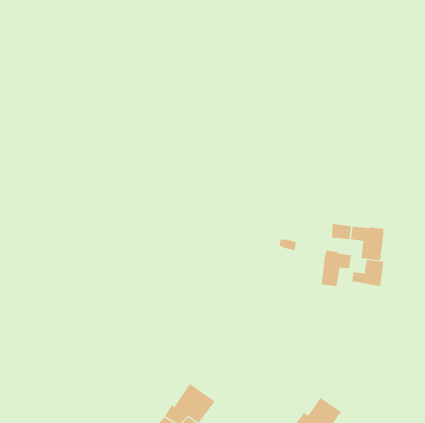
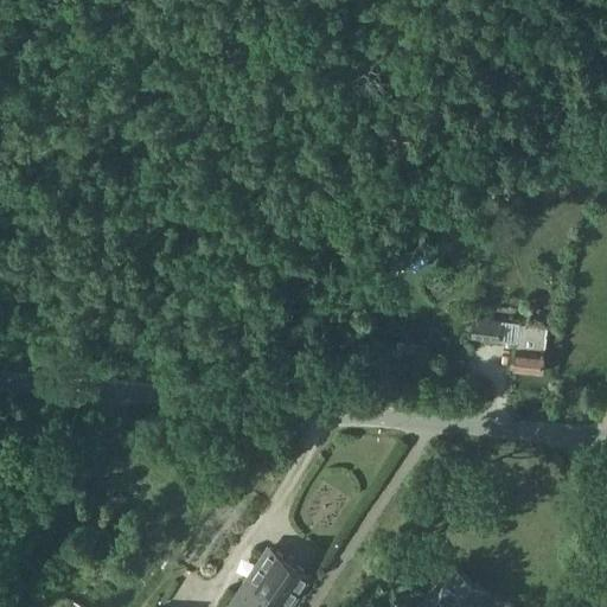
building: [321,250,351,287] -> none
building: [352,259,384,287] -> none

